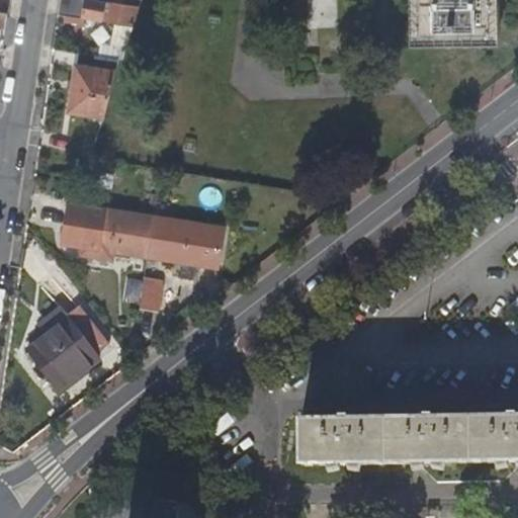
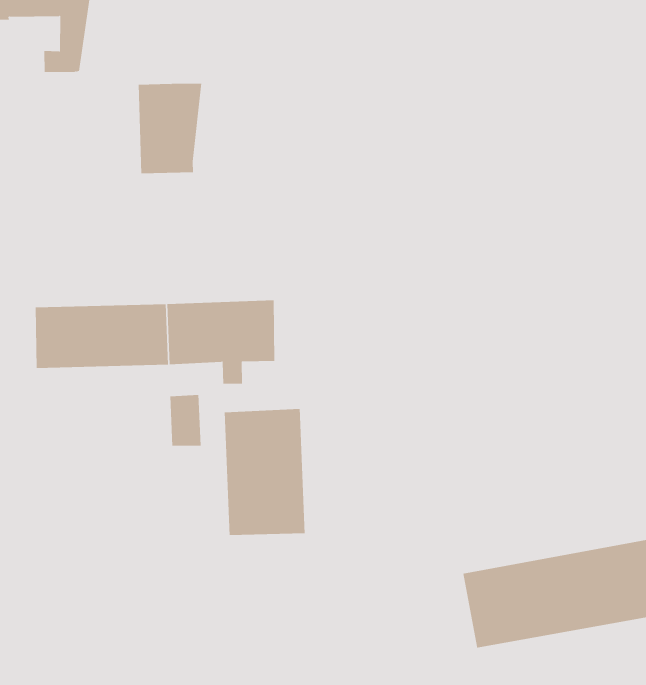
building: [69,49,118,111] -> [138,83,202,174]
building: none -> [224,408,305,536]
building: [26,306,108,387] -> none

